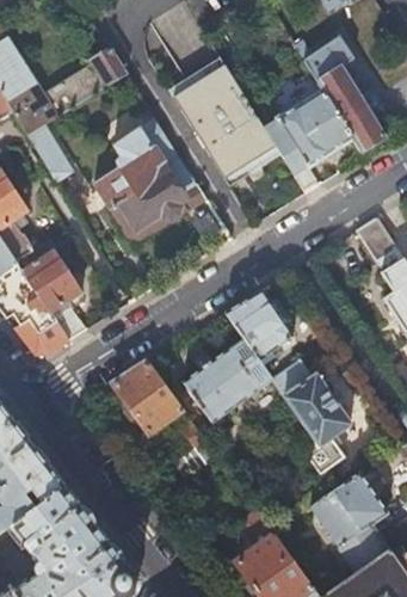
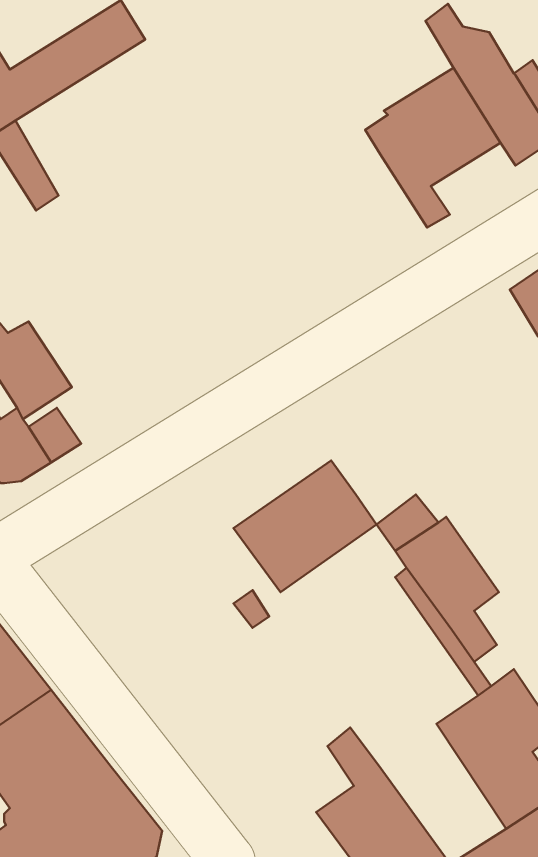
building: [171,63,275,178] -> none
building: [94,117,204,239] -> none
building: [224,289,294,361] -> none
building: [111,359,183,433] -> none

